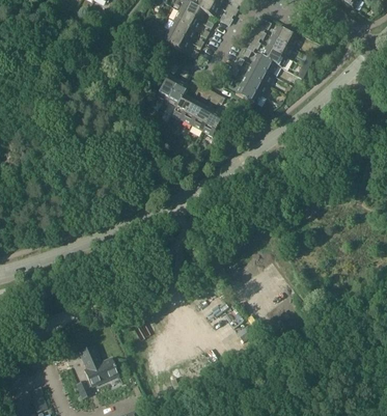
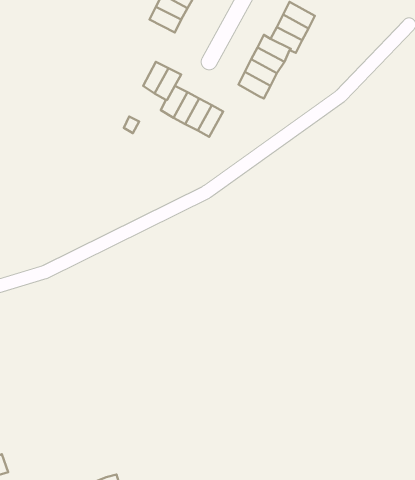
building: [76,344,117,397] -> none

